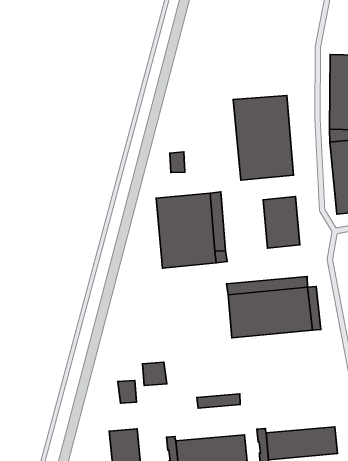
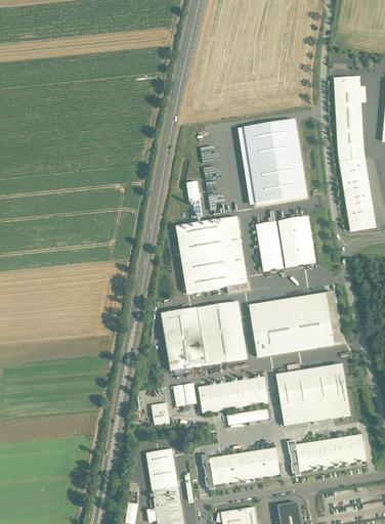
building: none -> [256,221,283,269]
building: none -> [161,301,247,369]
building: none -> [275,363,350,425]
building: none -> [198,376,268,412]

